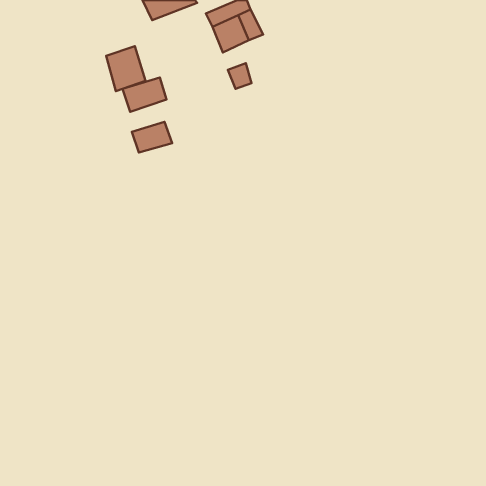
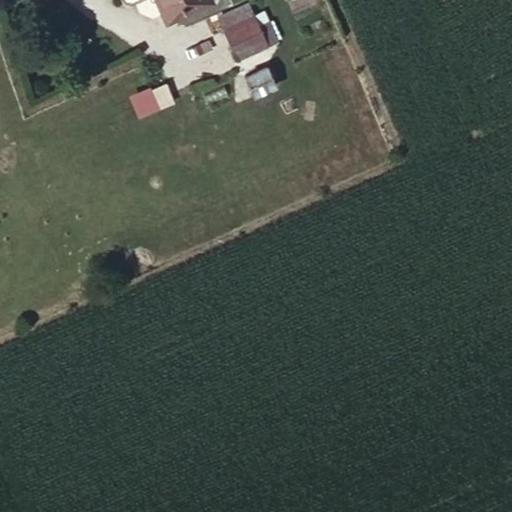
building: [106,46,146,91] -> none
building: [132,122,172,153] -> none

